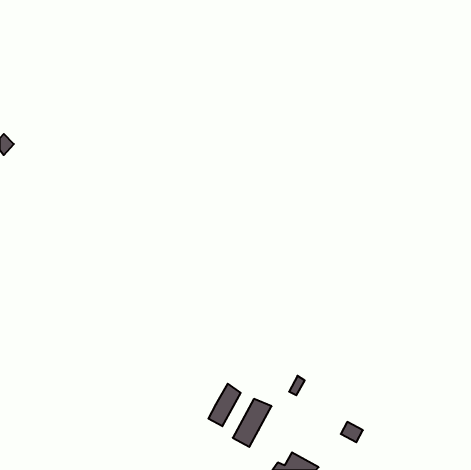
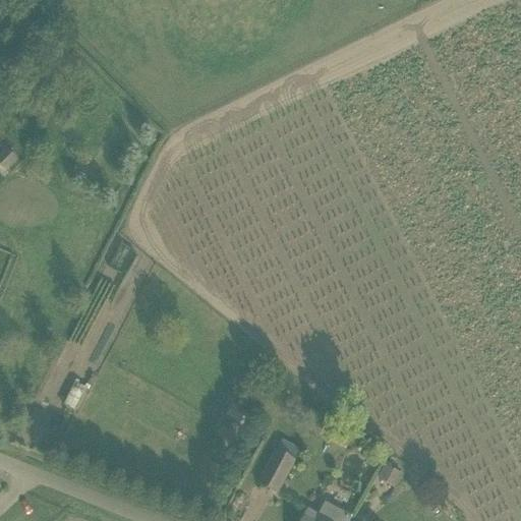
building: [208,384,241,426] -> none

